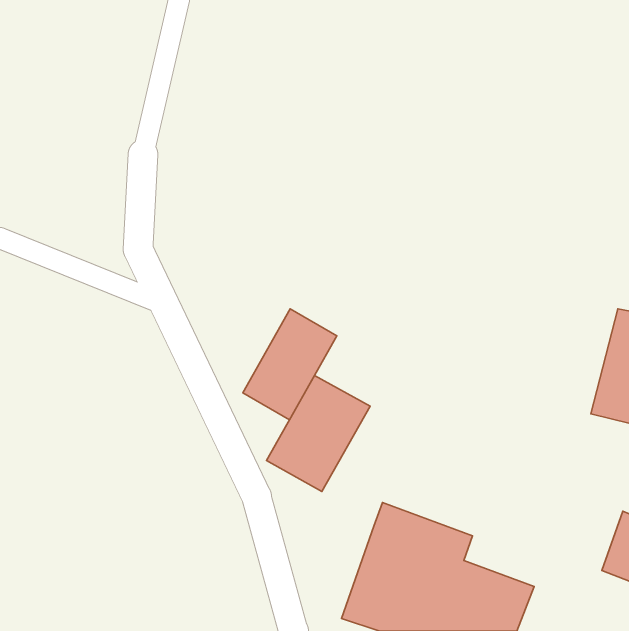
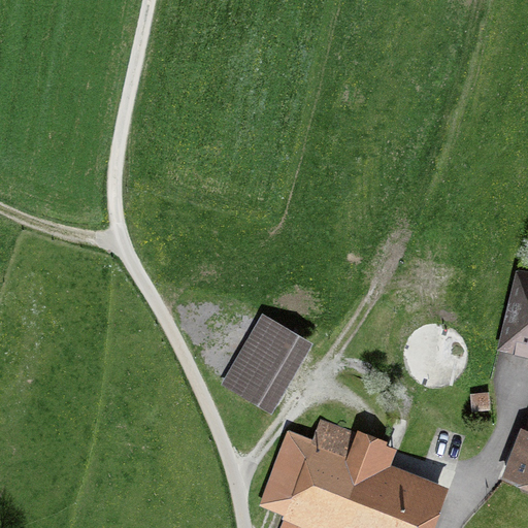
building: [243,309,337,420] -> none
building: none -> [261,430,314,517]

